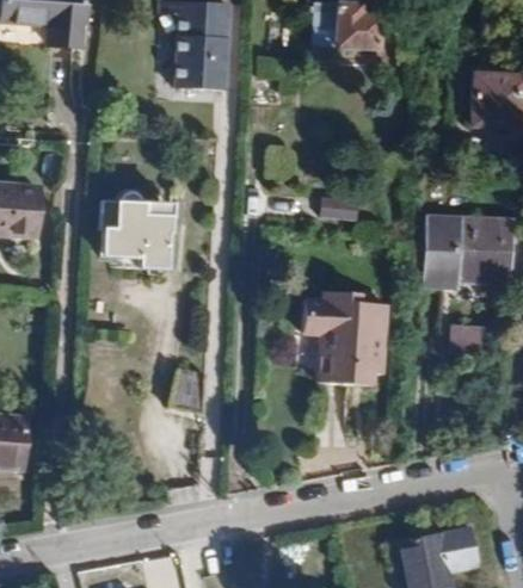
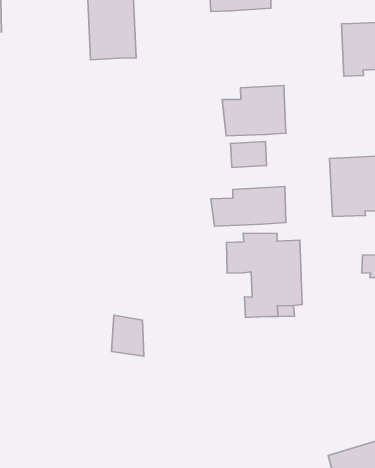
building: none -> [222,85,286,136]
building: [104,200,174,271] -> none
building: none -> [211,186,286,226]

